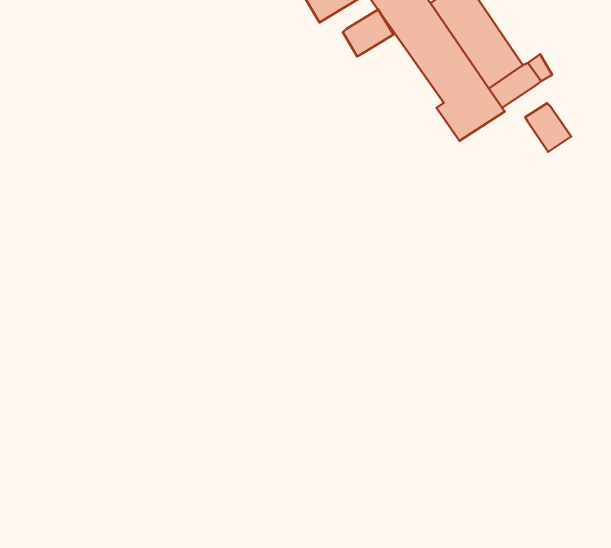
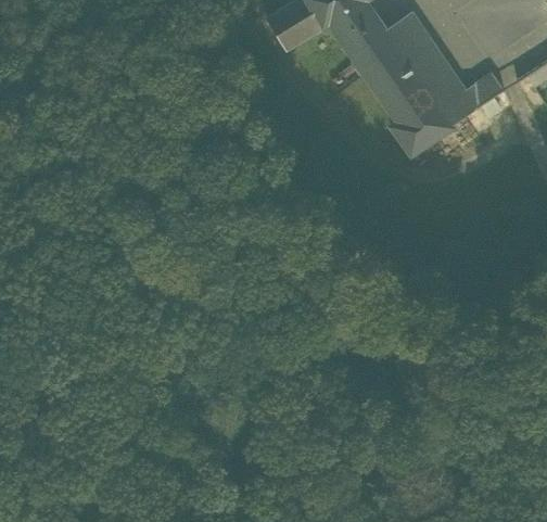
building: [343,9,394,57] -> none
building: [525,103,571,152] -> none

